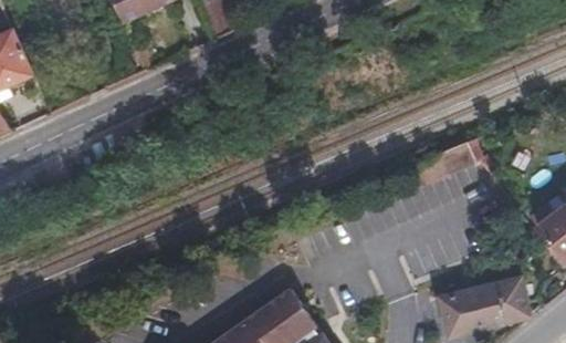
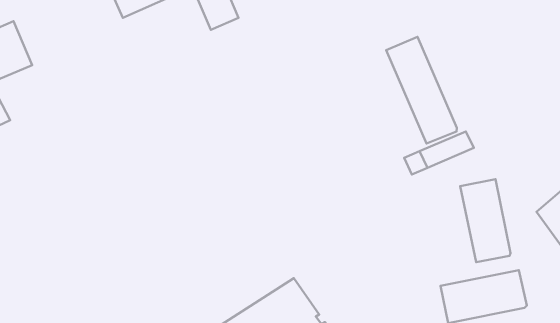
building: none -> [386,37,457,144]
building: none -> [460,179,511,262]

